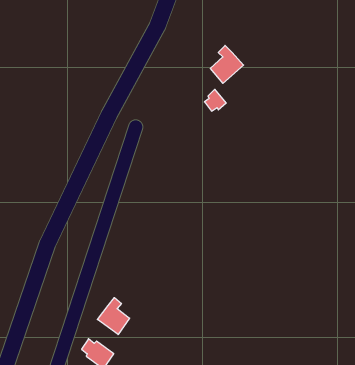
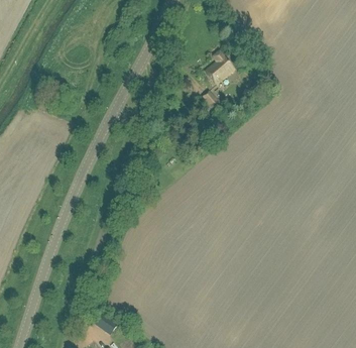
building: [97,298,130,335] -> none

